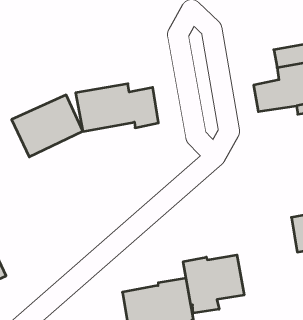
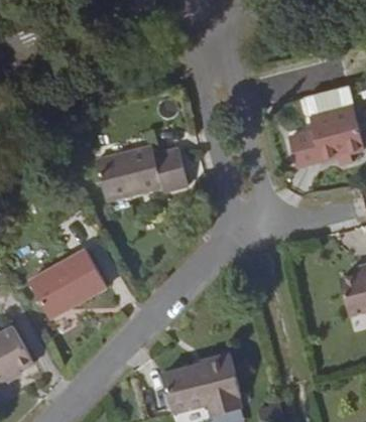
building: [12,95,83,157] -> [28,249,107,319]
building: [183,255,244,313] -> none

